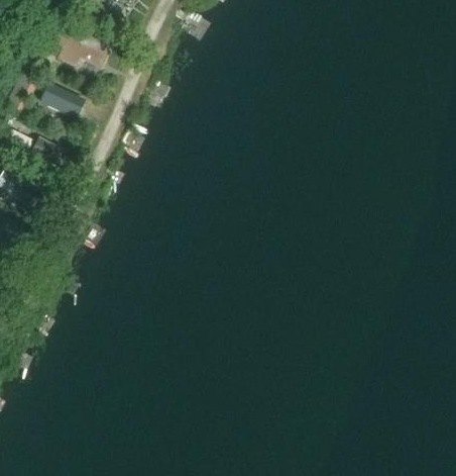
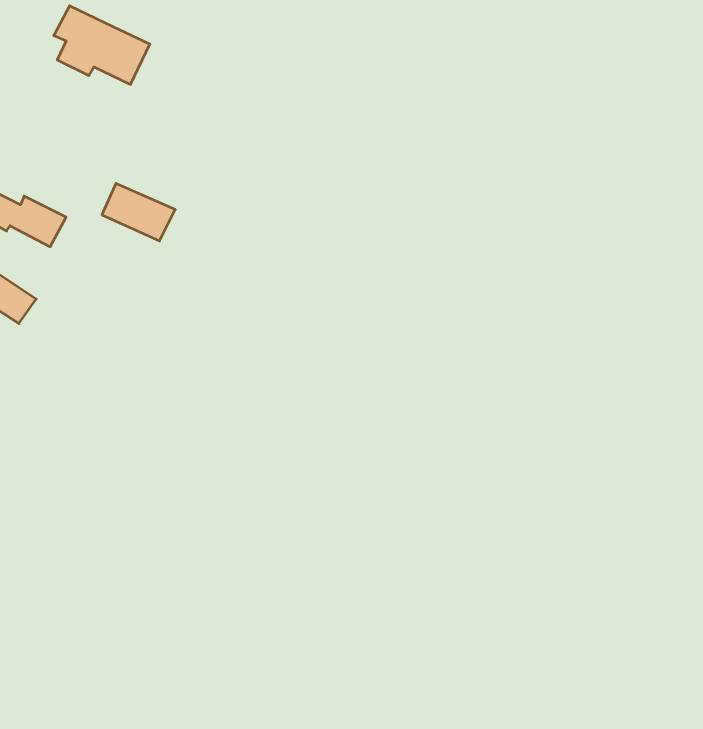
building: [40,84,83,117] -> [102,183,175,241]

